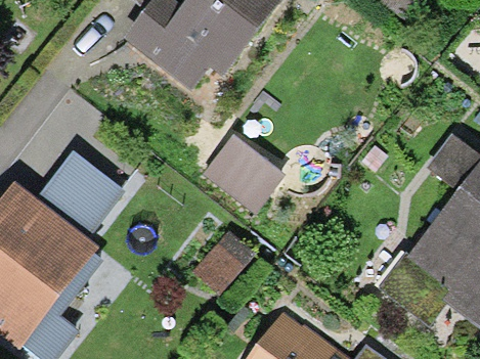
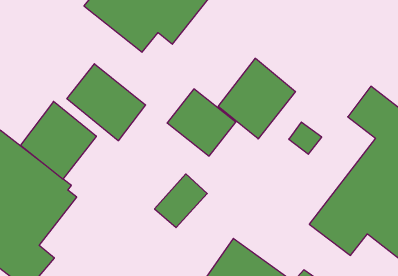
building: none -> [218,58,295,139]
building: none -> [67,64,146,141]

